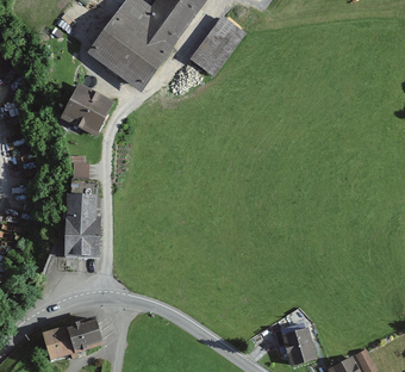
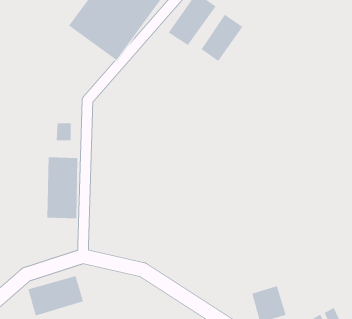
building: none -> [201,14,243,62]
building: [60,81,114,135] -> none

